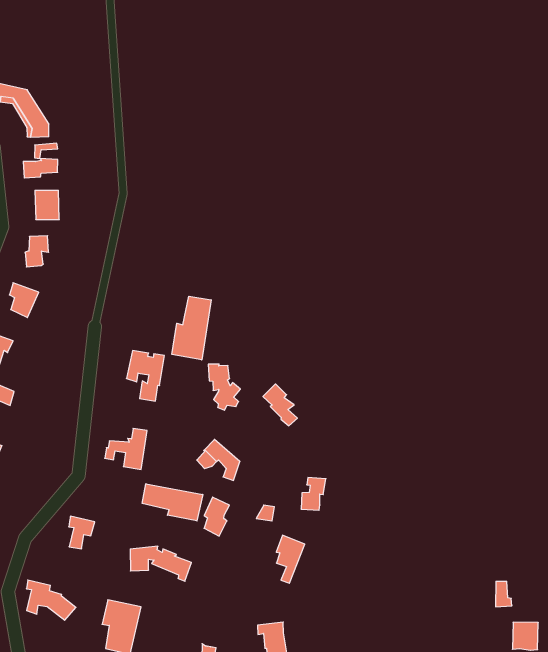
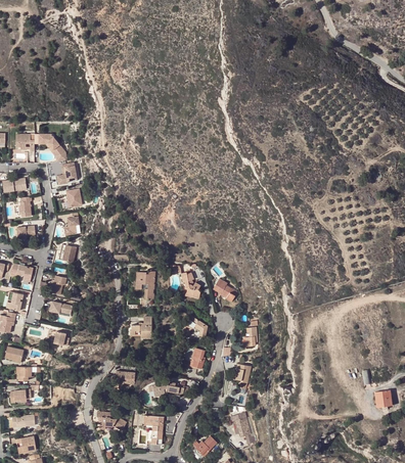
building: [172,296,211,360] -> none
building: [142,484,203,521] -> none

